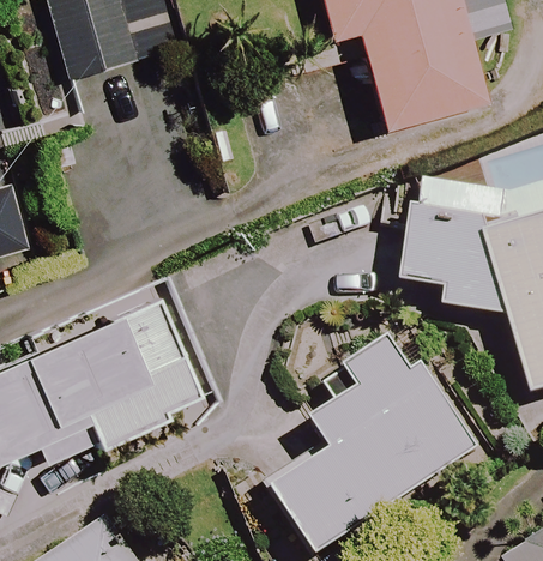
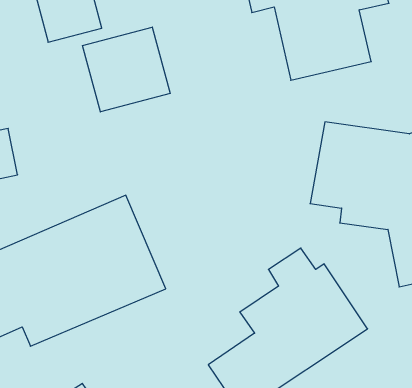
building: none -> [82,27,170,112]

